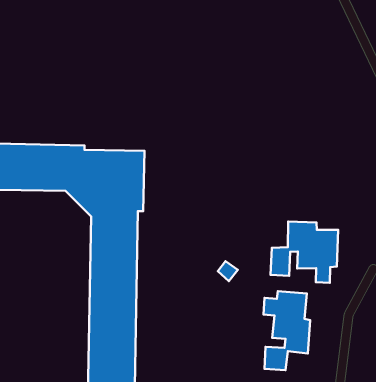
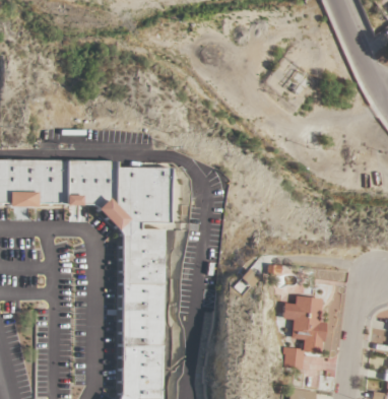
building: [270,222,338,283] -> none

